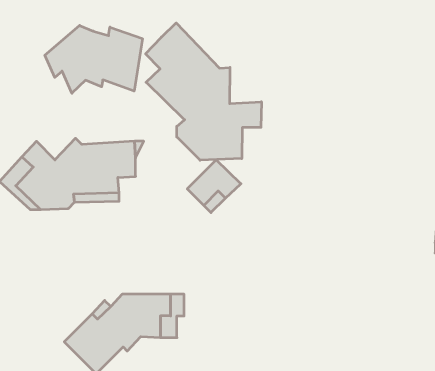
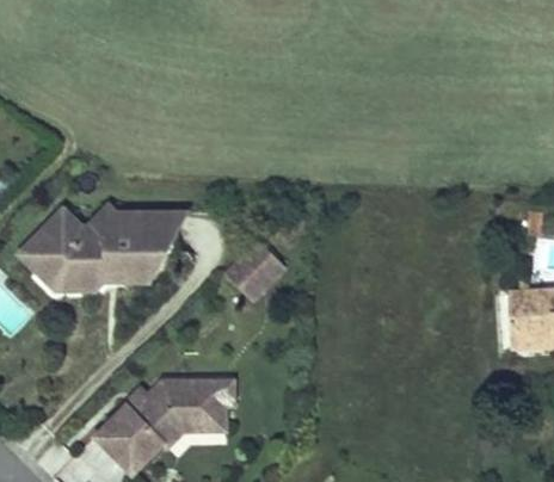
building: [146,23,261,160] -> none
building: [45,25,142,93] -> none

